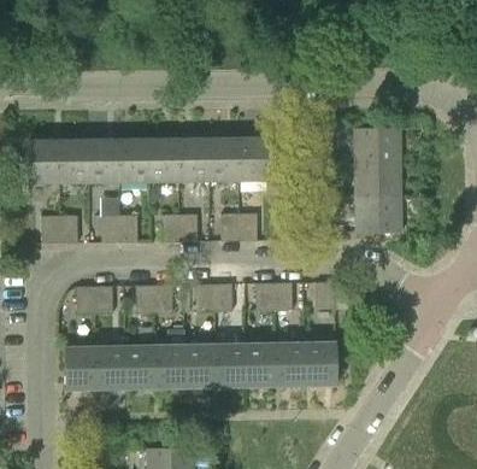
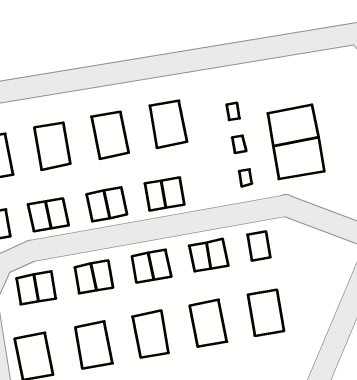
building: [353,128,400,164] -> none
building: [207,136,237,180] -> none
building: [148,137,178,181] -> none
building: [88,139,118,182] -> none
building: [273,342,304,386] -> none
building: [214,344,245,387] -> none
building: [155,345,186,388] -> none
building: [94,346,125,389] -> none

